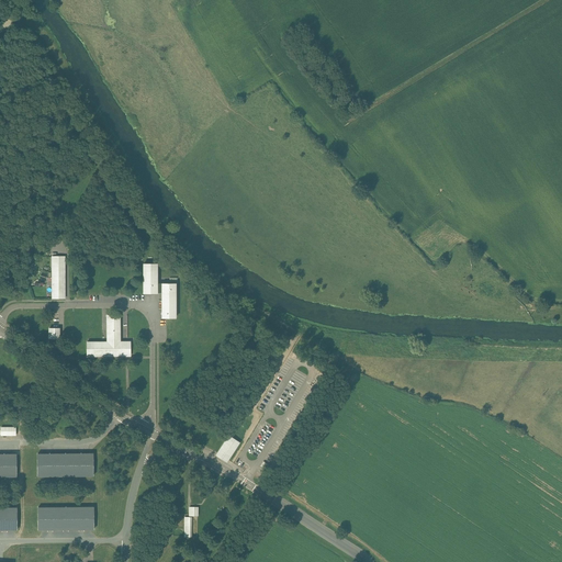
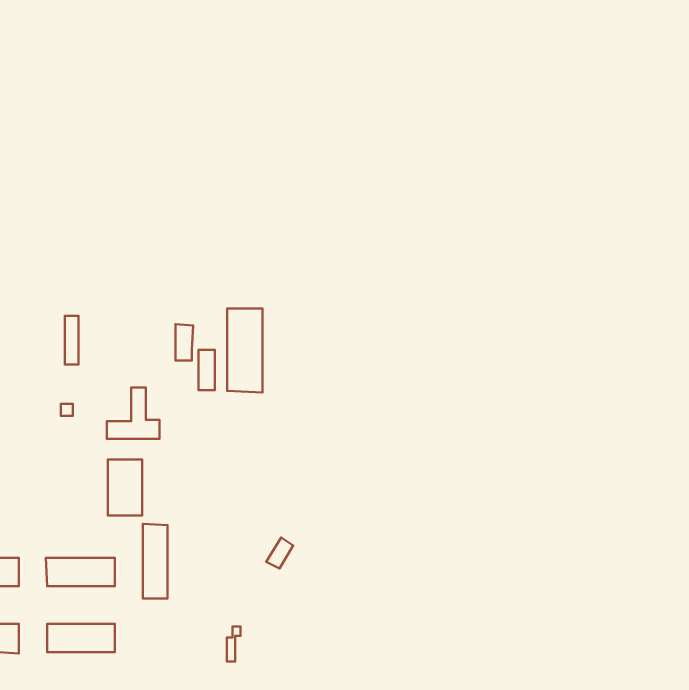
building: none -> [227,309,262,392]
building: none -> [108,460,142,516]
building: none -> [143,524,167,599]

